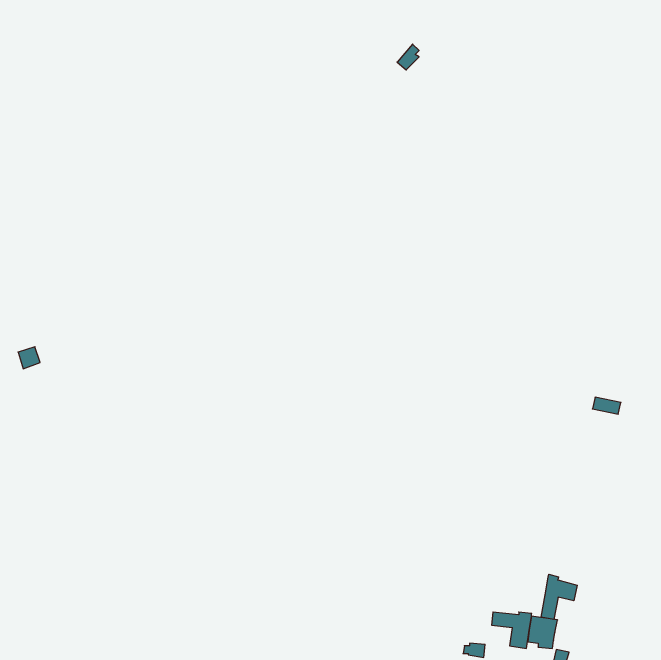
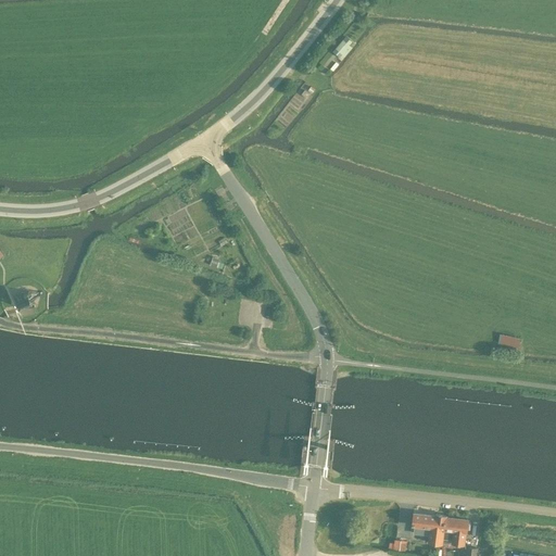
building: [541,574,577,619] -> none

